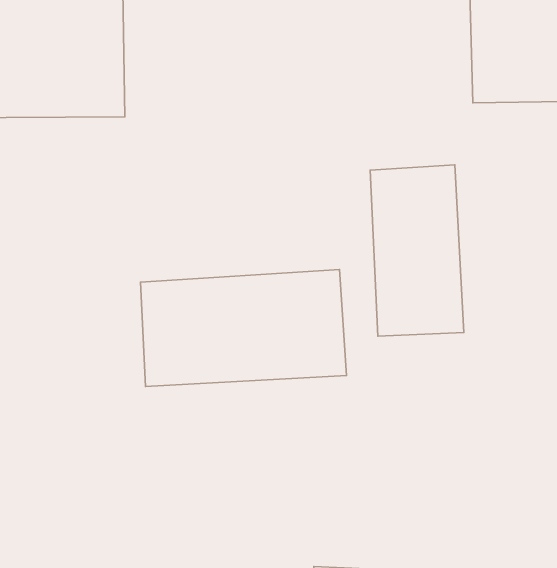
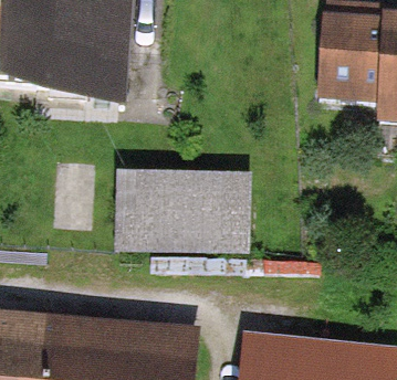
building: [370,165,464,336] -> none

